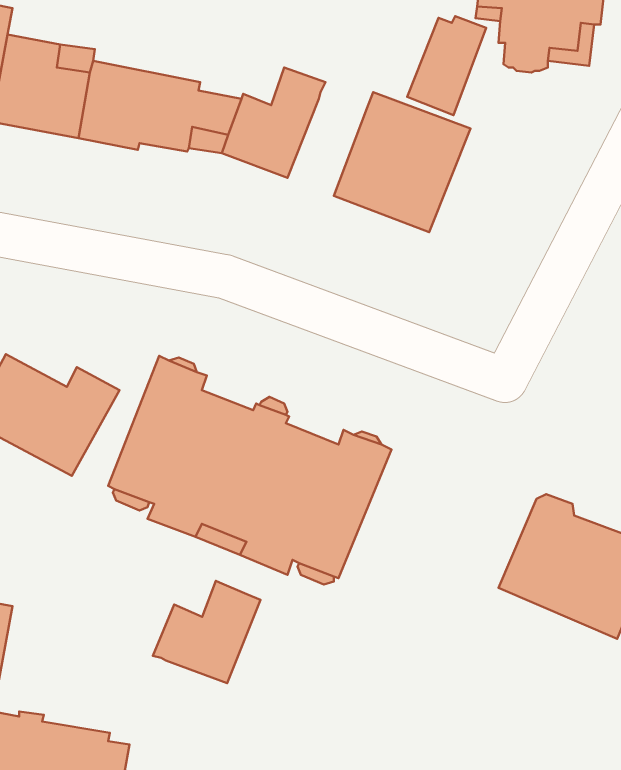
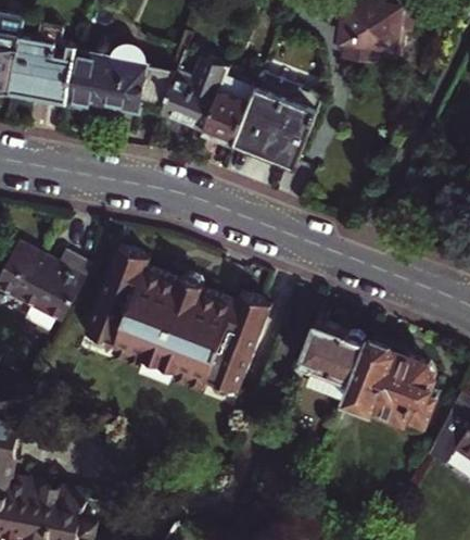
building: [407,16,486,115] -> [203,75,255,140]
building: none -> [296,321,367,403]
building: [153,581,261,683] -> none

